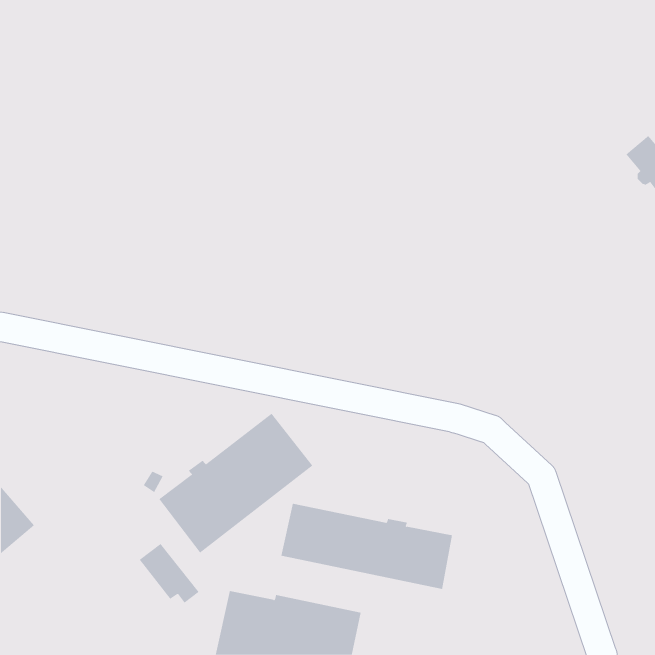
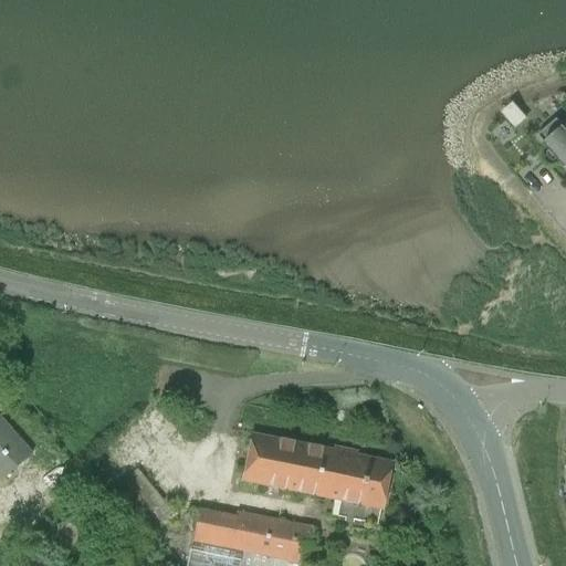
building: [159,413,313,554] -> none

